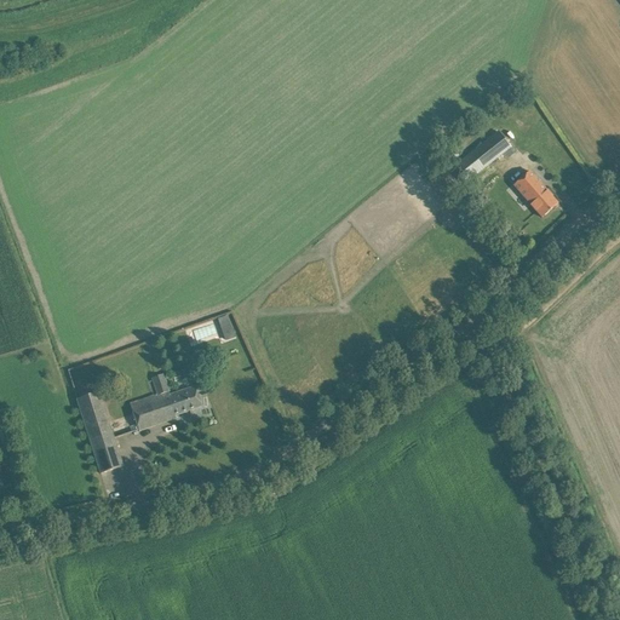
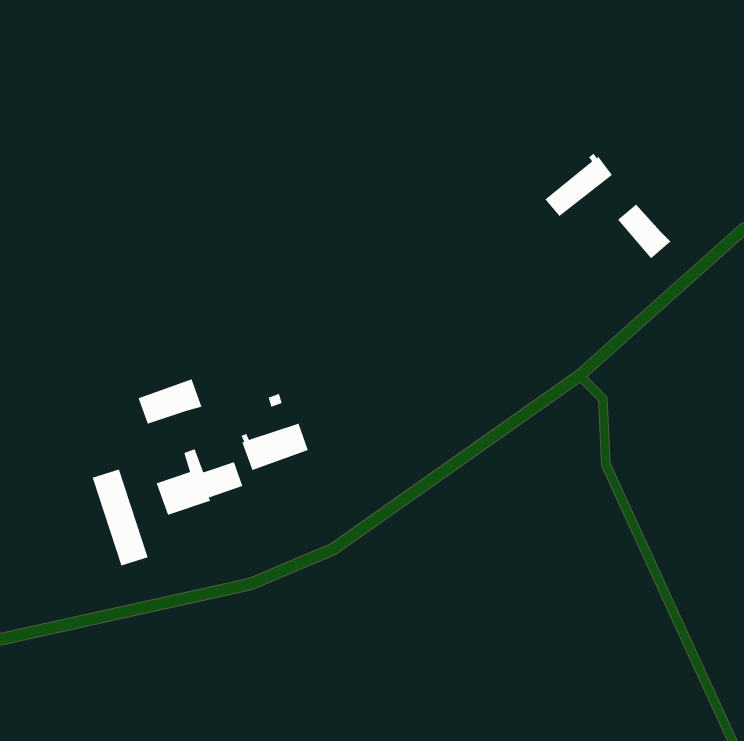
building: none -> [138,378,202,425]
building: none -> [241,423,308,471]

